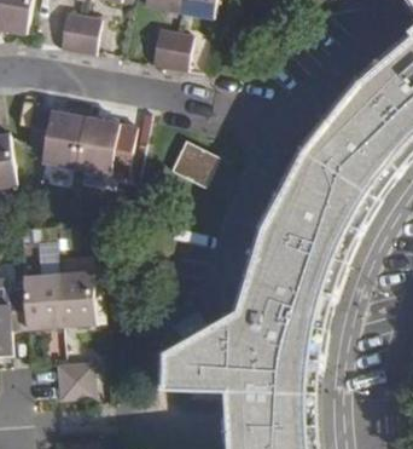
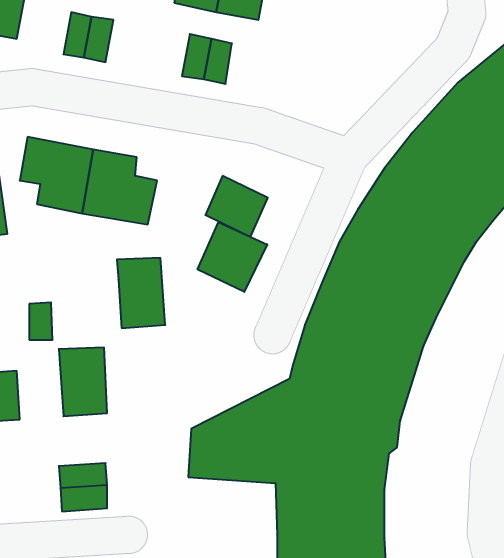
building: none -> [198,222,267,292]
building: [23,276,60,330] -> [117,258,165,328]

